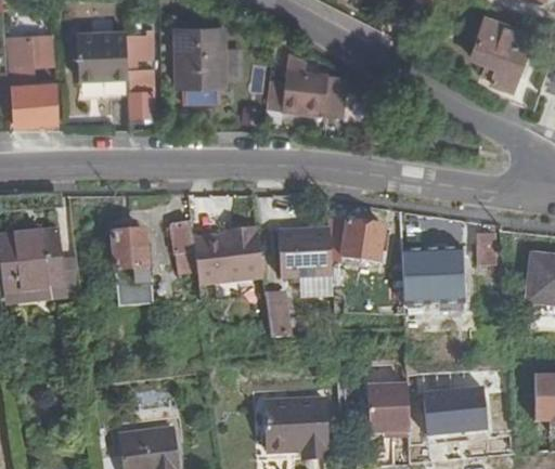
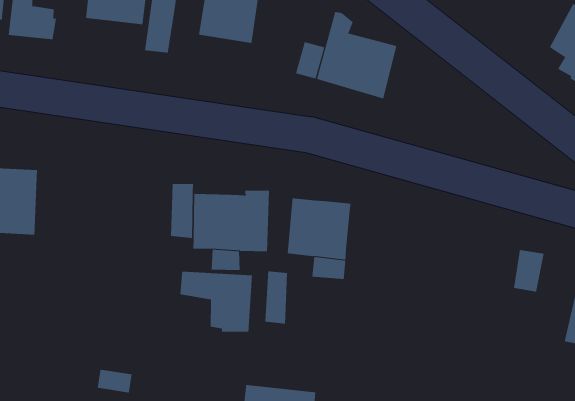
building: [330,224,384,262] -> none
building: [116,232,147,282] -> none
building: [403,250,464,309] -> none
building: none -> [180,271,253,333]

